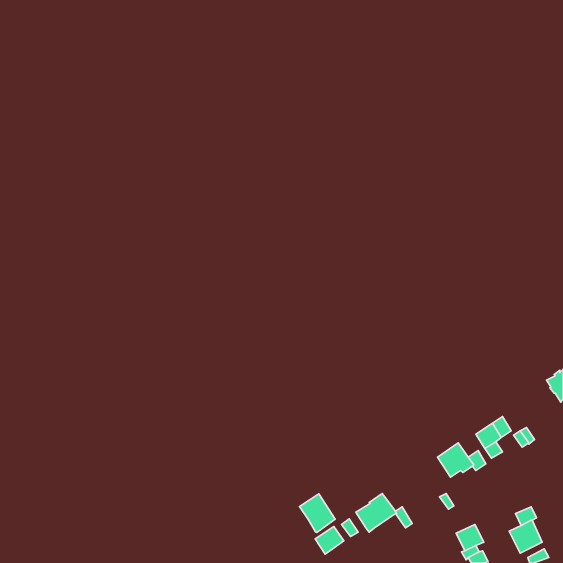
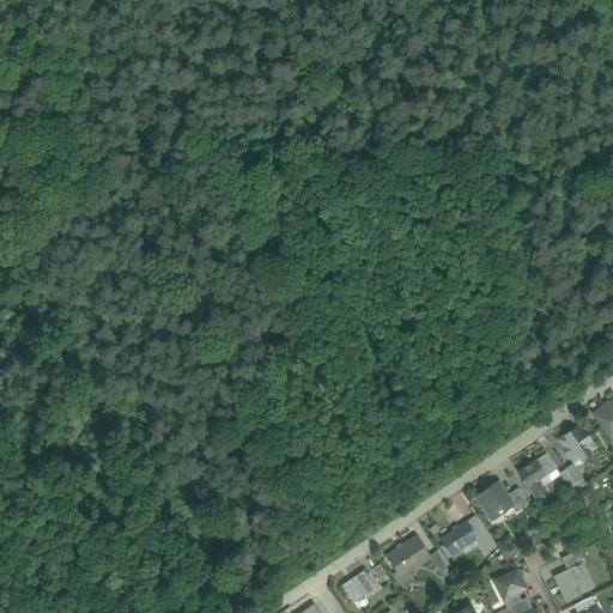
building: none -> [558,429,593,462]
building: none -> [441,522,477,554]
building: [299,494,335,532] -> none

